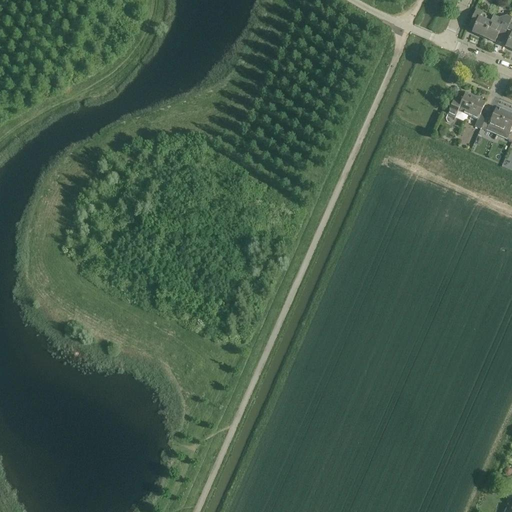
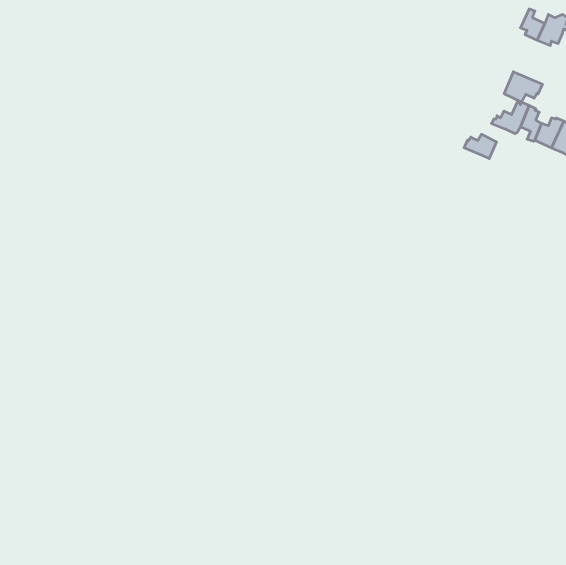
building: none -> [504,72,542,102]
building: none -> [464,134,496,159]

